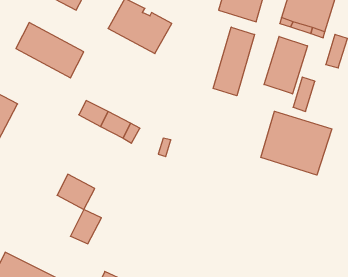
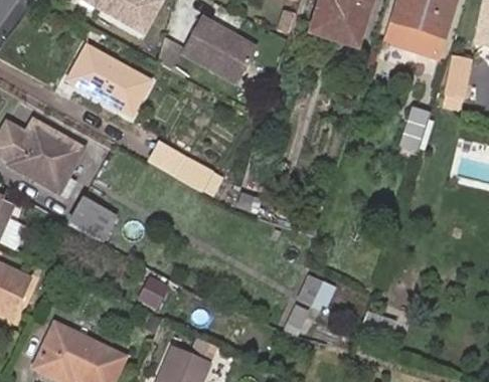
building: [213,27,255,96] -> none
building: [264,36,307,94] -> none
building: [261,111,332,175] -> none
building: [57,174,95,210] -> [61,194,107,236]
building: none -> [289,276,334,330]

